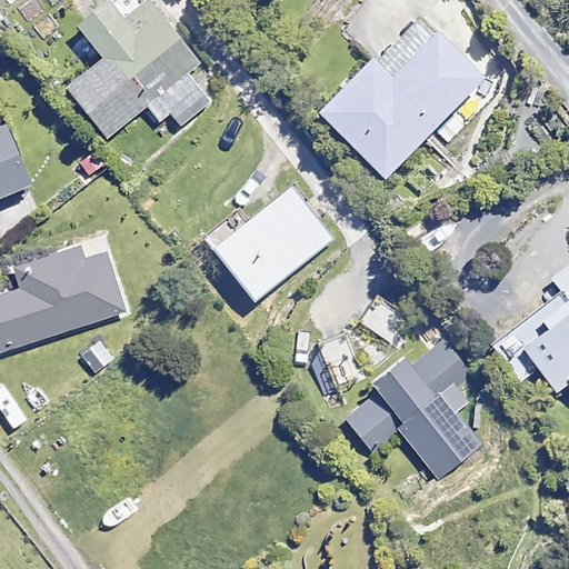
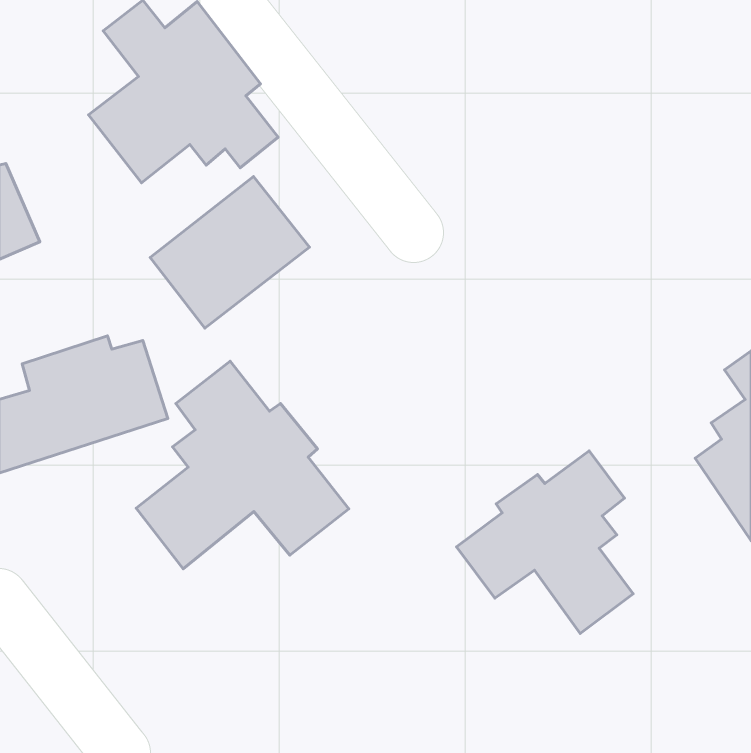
building: [318,17,482,177] -> none
building: [213,186,333,300] -> [150,176,309,328]
building: none -> [136,361,349,569]

